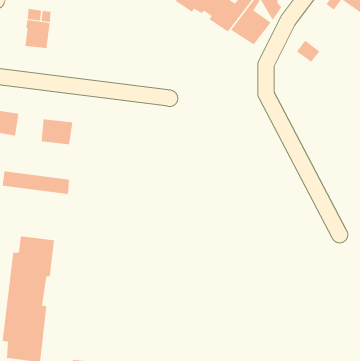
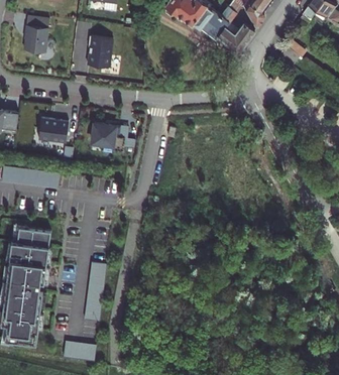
building: none -> [87,35,112,67]
building: none -> [92,124,124,151]
building: none -> [86,262,107,321]

